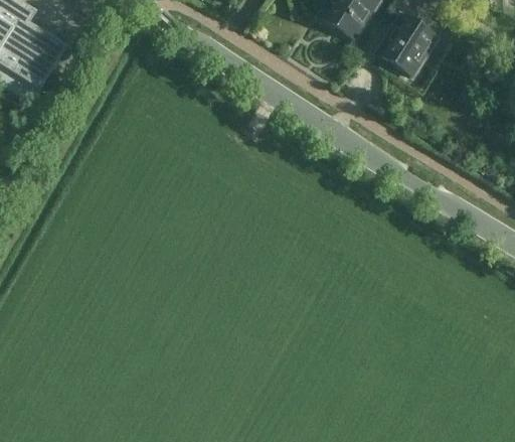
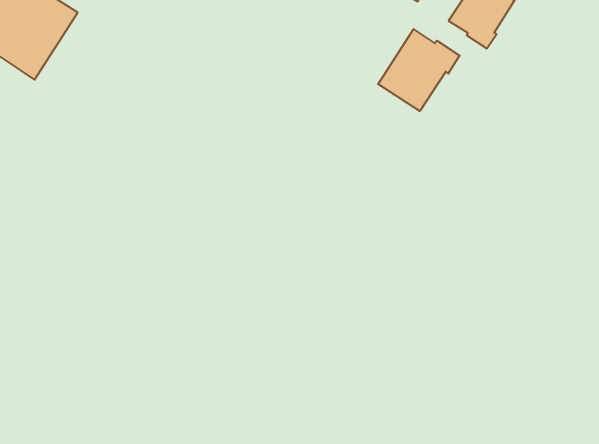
building: none -> [378,29,460,111]

